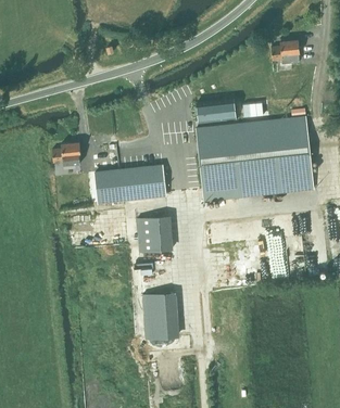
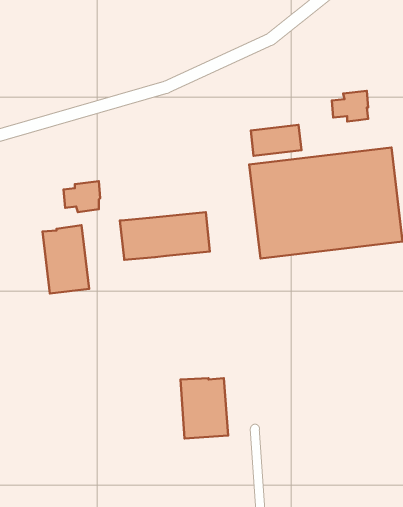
building: [270,39,299,63] -> [332,91,368,122]
building: none -> [43,225,89,294]
building: [136,215,174,252] -> none

